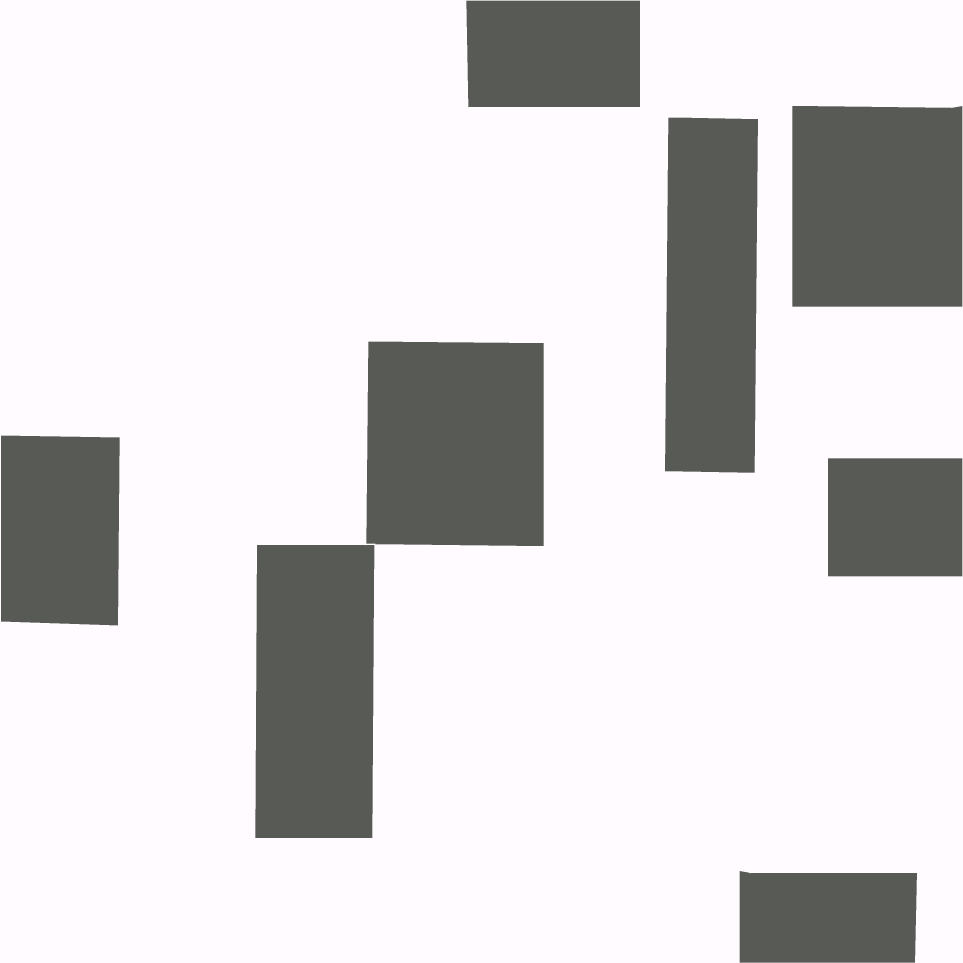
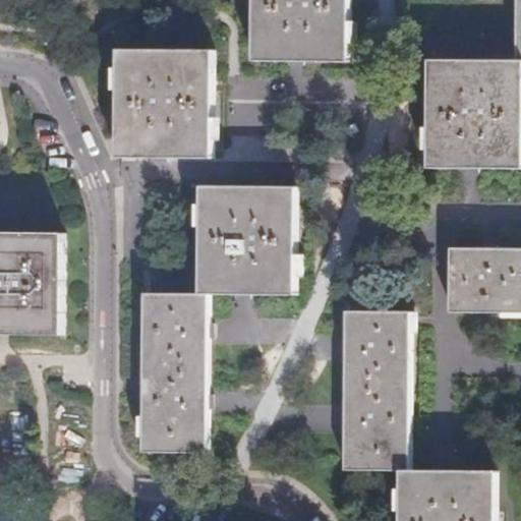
building: none -> [113,48,210,157]
building: [665,117,759,474] -> none
building: none -> [340,310,406,471]

